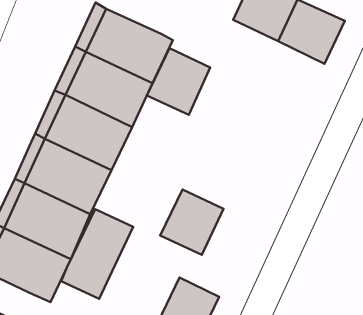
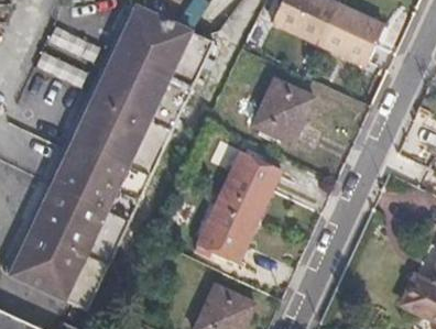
building: [147,48,210,115] -> [249,77,314,145]
building: none -> [217,151,280,215]
building: [61,209,133,299] -> none

